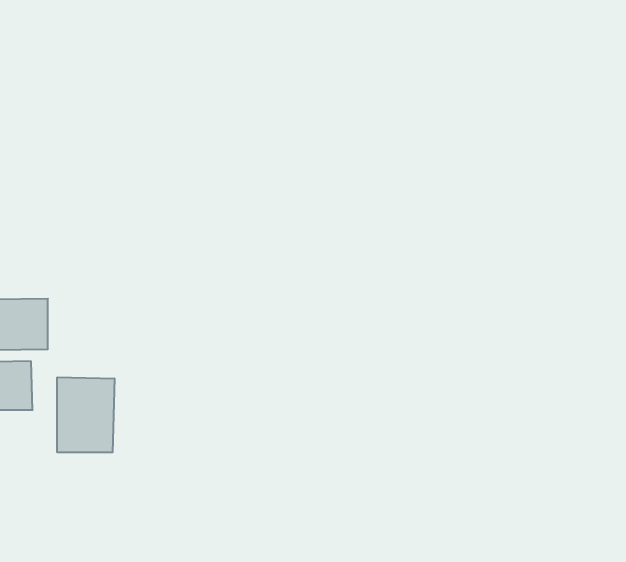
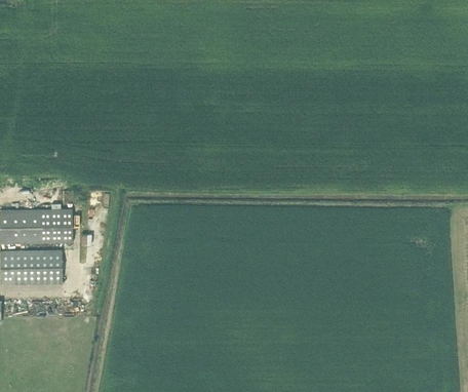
building: [57,377,114,452] -> none

